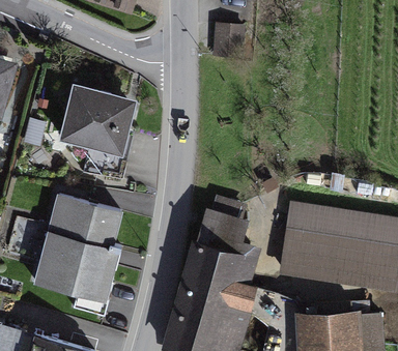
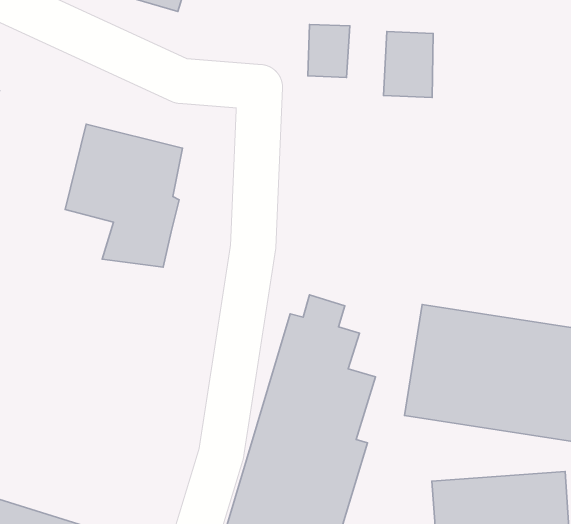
building: none -> [384,32,433,97]
building: [32,192,122,303] -> none

